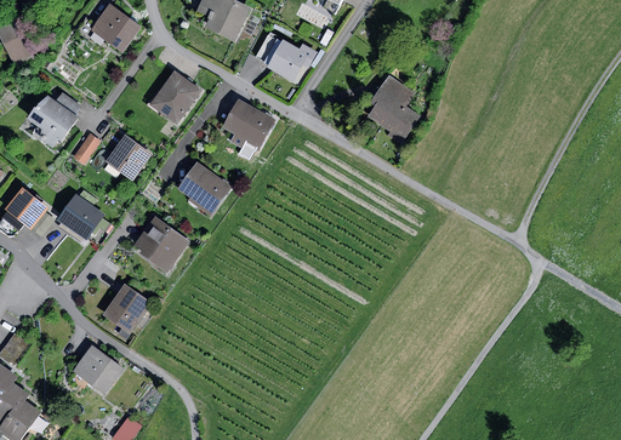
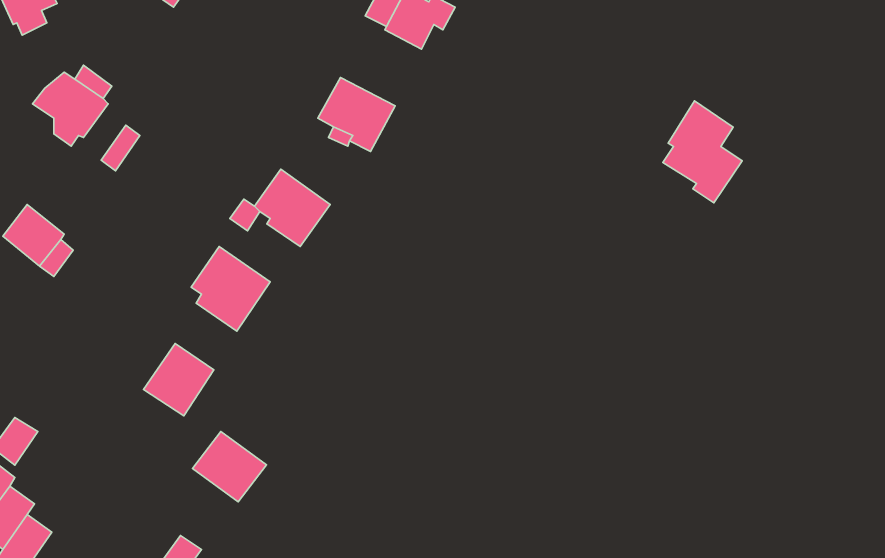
building: [149,69,200,124] -> none
building: [366,74,421,144] -> [663,101,742,203]
building: [104,133,152,181] -> none
building: [56,193,110,240] -> none
building: [72,345,123,394] -> [193,431,266,502]

